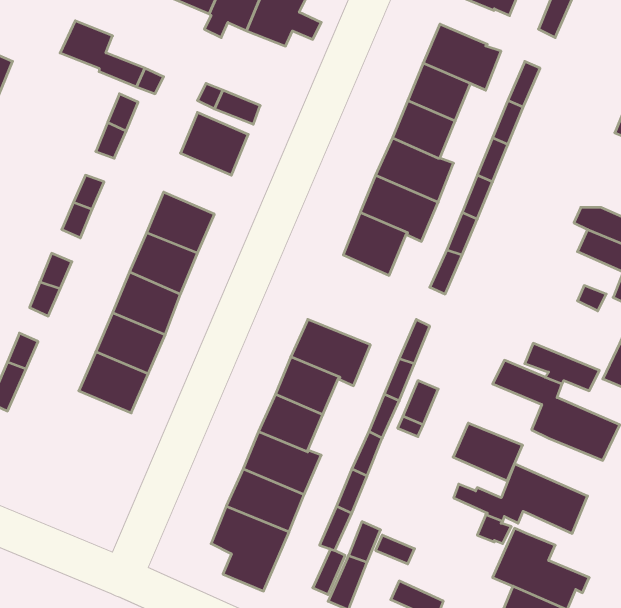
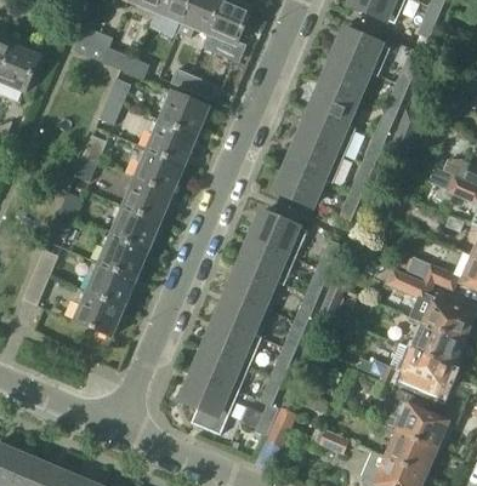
building: none -> [147,120,195,164]
building: none -> [250,211,306,257]
building: none -> [74,290,124,336]
building: [453,423,523,481] -> [411,324,461,365]

